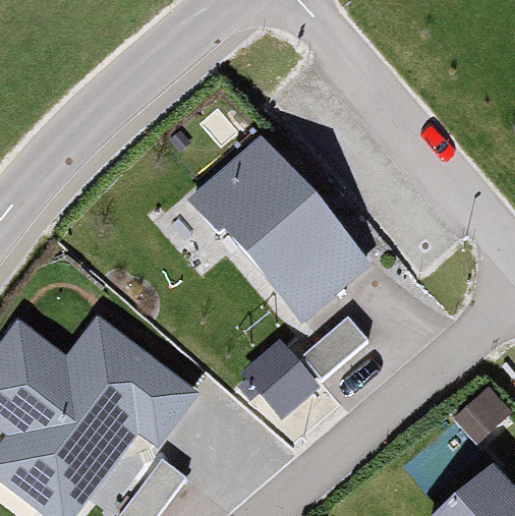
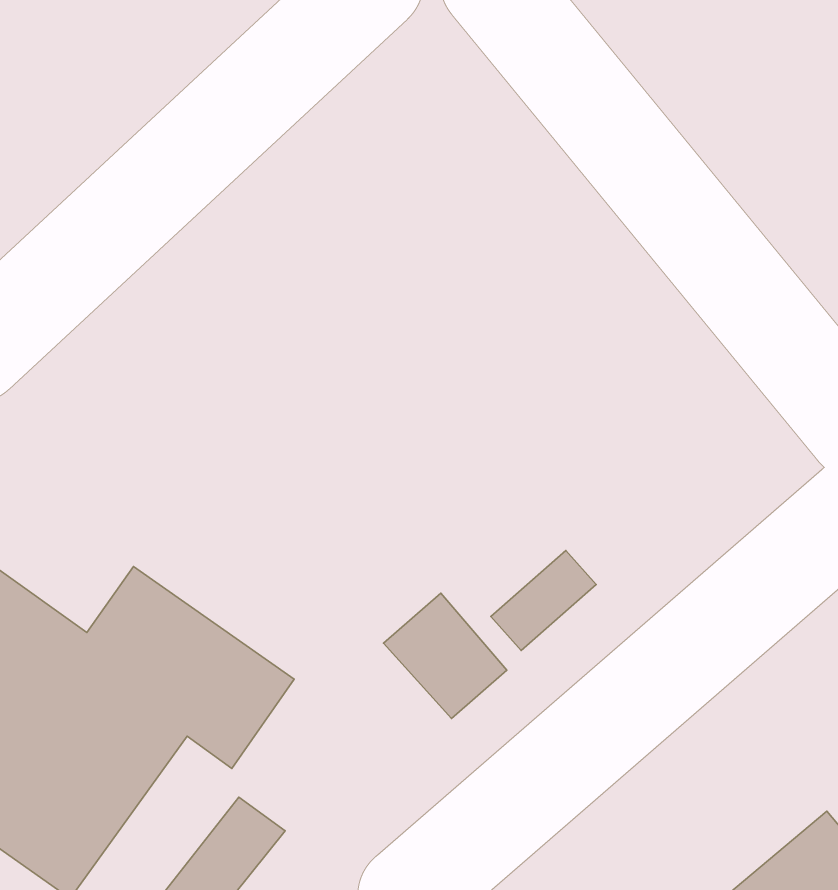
building: [198,147,359,313] -> none

